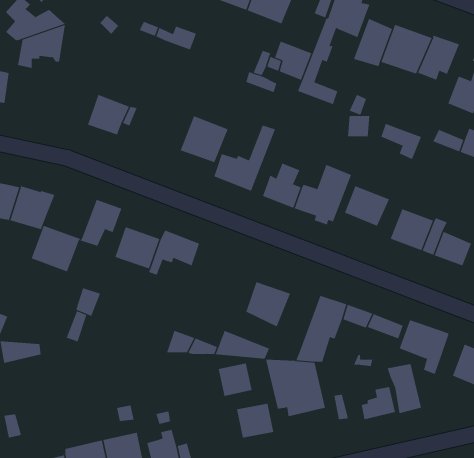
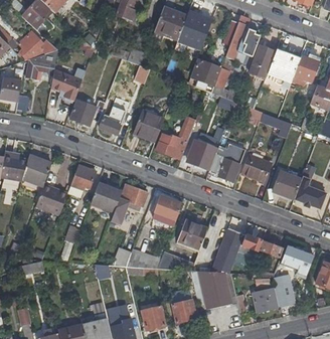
building: none -> [53,67,85,101]
building: none -> [101,114,131,138]
building: none -> [153,196,182,224]
building: [218,363,253,396] -> [142,307,165,329]

